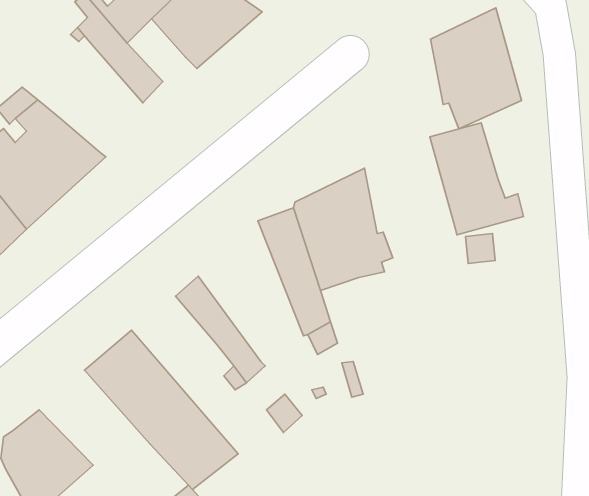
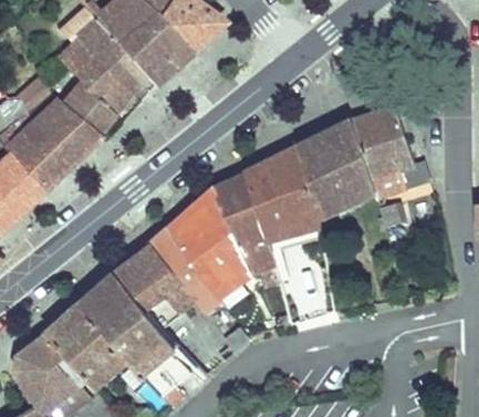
building: [430,8,521,129] -> [299,122,369,216]
building: none -> [114,30,168,87]
building: none -> [62,50,126,134]
building: none -> [169,187,251,296]
building: none -> [117,246,191,345]
building: none -> [45,303,132,389]

